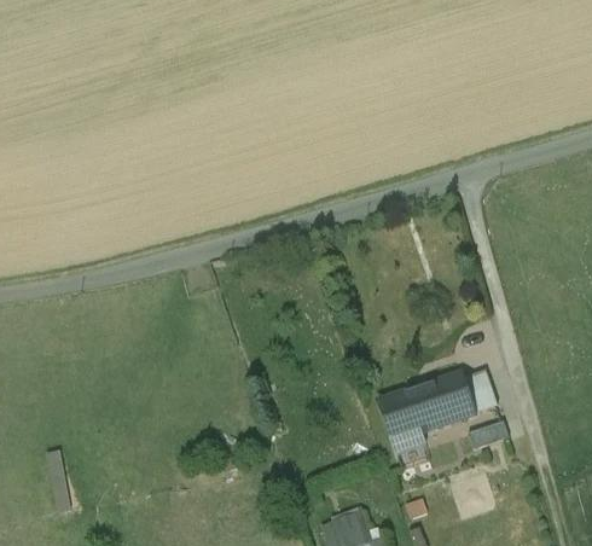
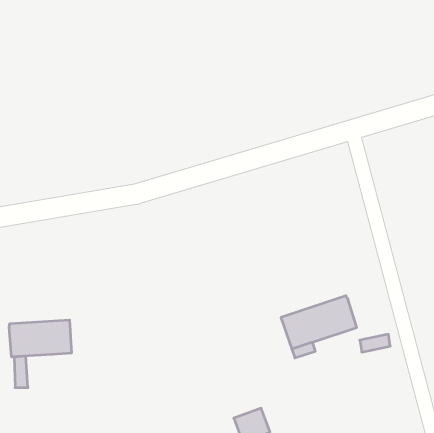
building: [460,370,498,413] -> none
building: none -> [9,320,71,357]

